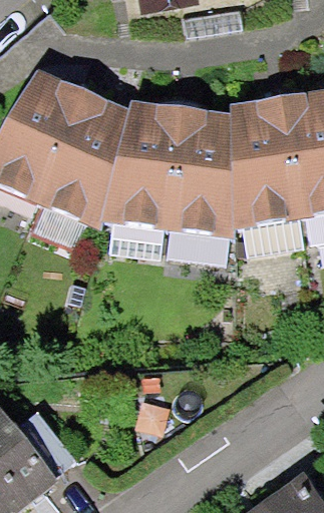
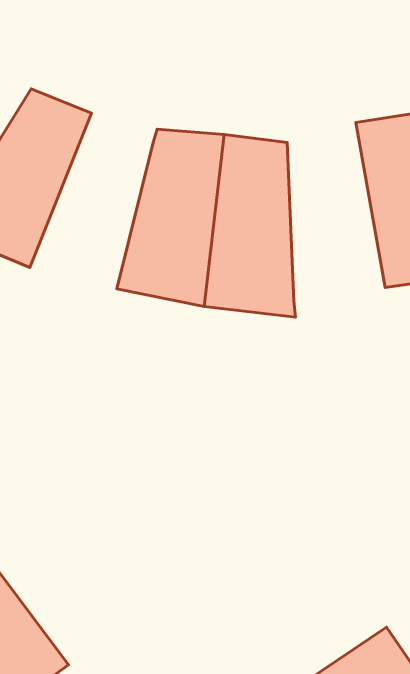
building: [38,89,130,232] -> none
building: [231,96,304,229] -> none

